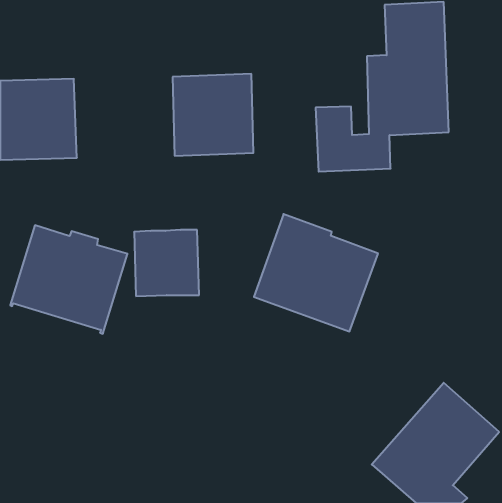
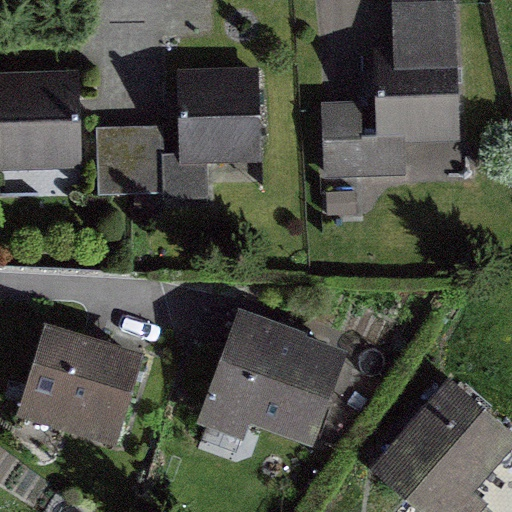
building: [254,214,378,331] -> [211,318,337,437]
building: [10,225,128,334] -> [19,333,138,443]
building: [134,230,199,296] -> [96,128,162,195]

